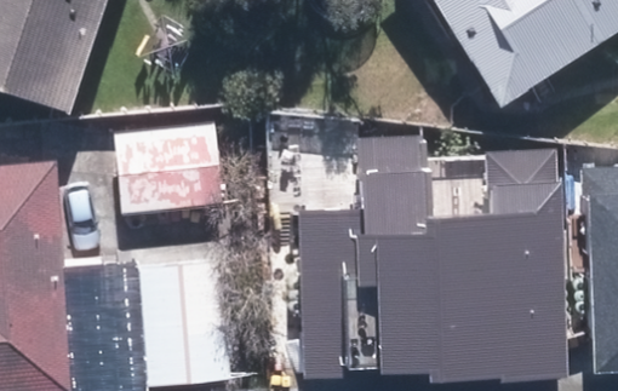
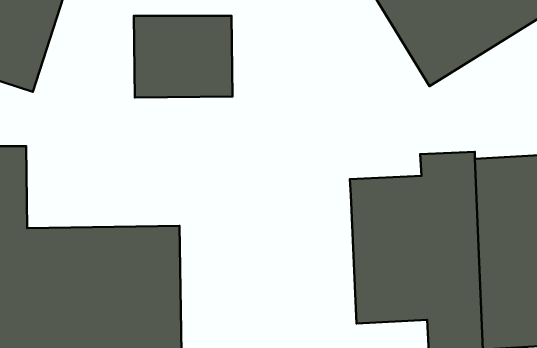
building: [114,123,219,211] -> [134,16,233,98]
building: [305,212,418,353] -> none

